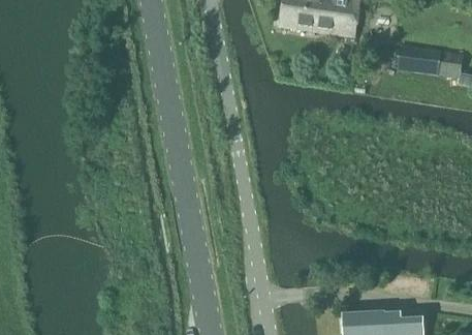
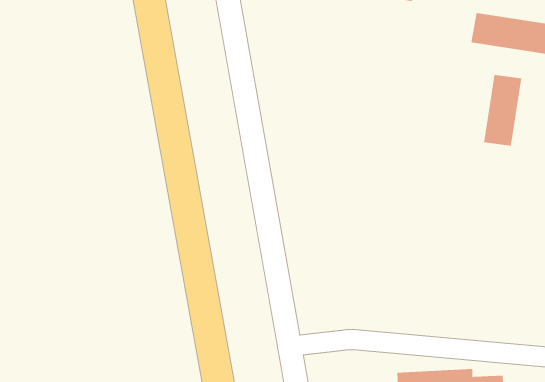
building: none -> [483,74,522,146]

